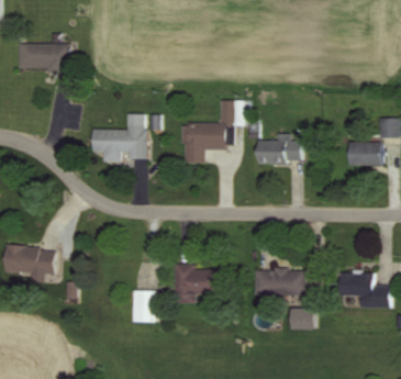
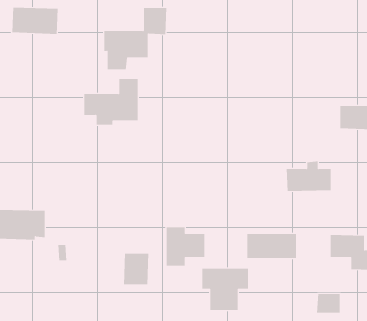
building: [180,100,244,163] -> [104,8,167,70]
building: [256,133,302,164] -> [286,161,332,192]
building: none -> [202,268,249,311]
building: [289,309,313,328] -> [316,294,340,313]

